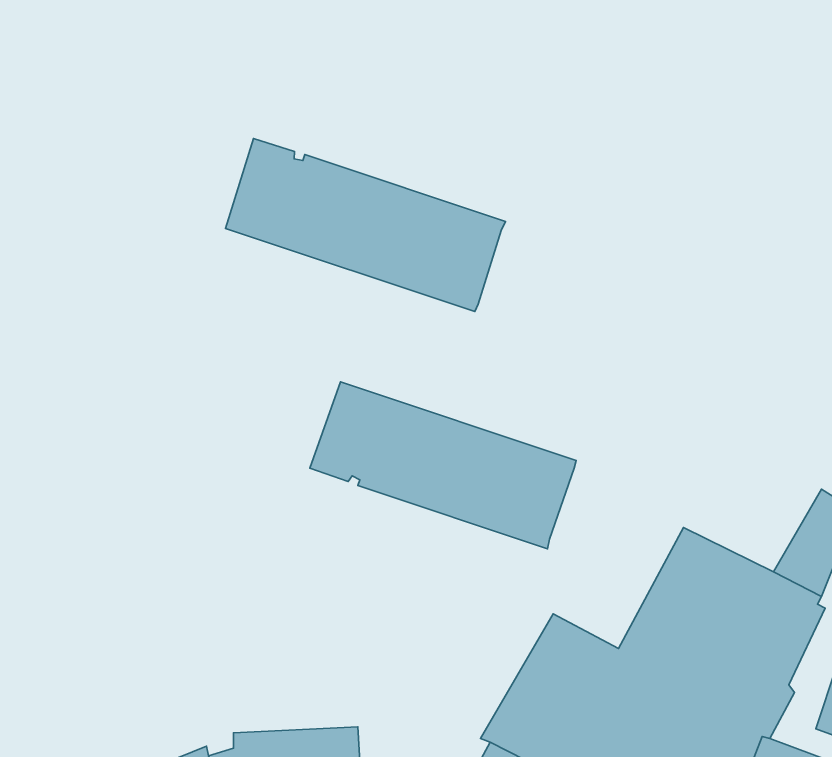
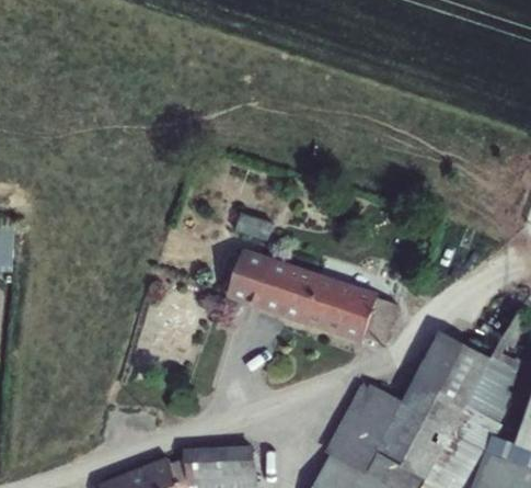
building: [226,139,506,312] -> none
building: none -> [362,299,397,347]

